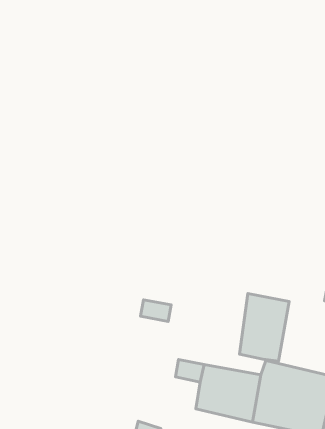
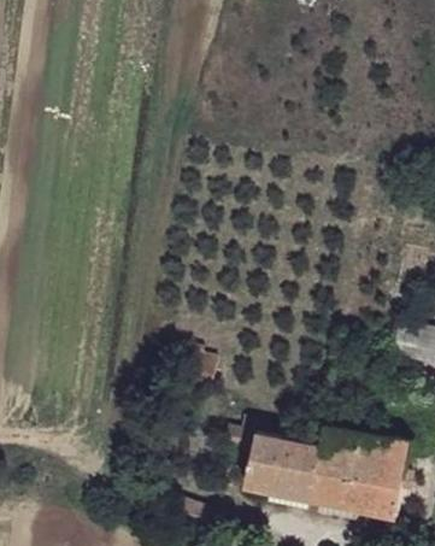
building: [240,293,289,361] -> none

